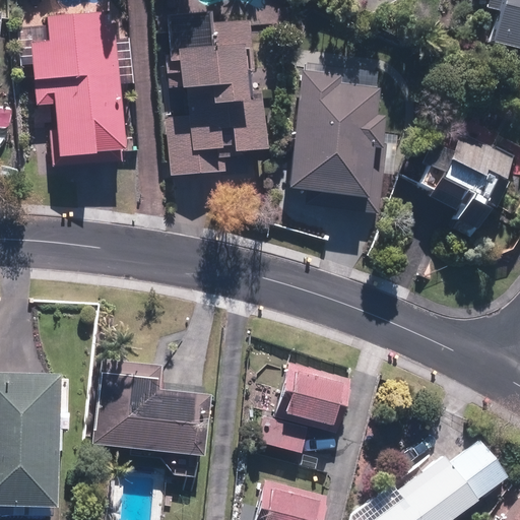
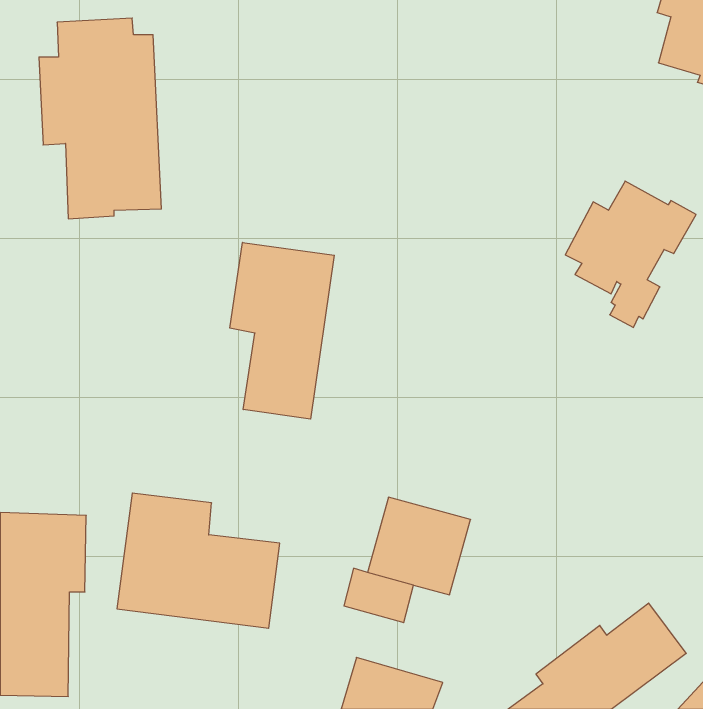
building: [168,13,266,176] -> none
building: [286,70,391,216] -> none
building: none -> [230,242,334,419]

